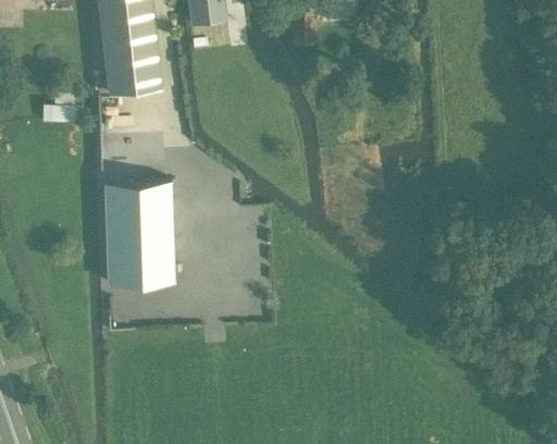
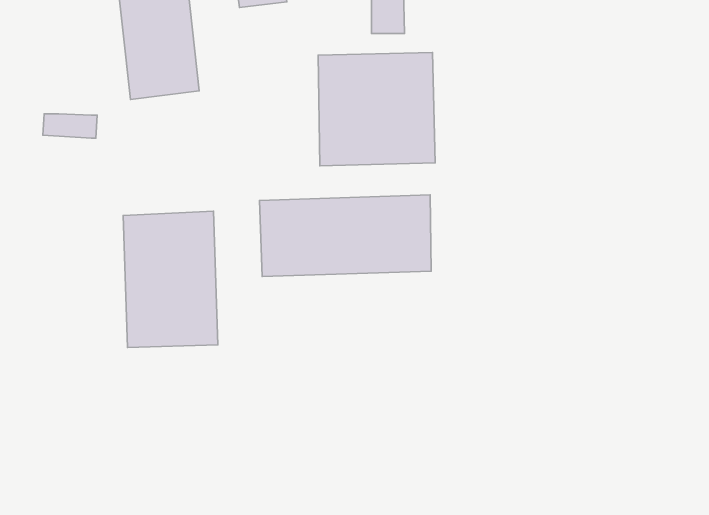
building: none -> [318,53,435,166]
building: none -> [259,195,431,277]

